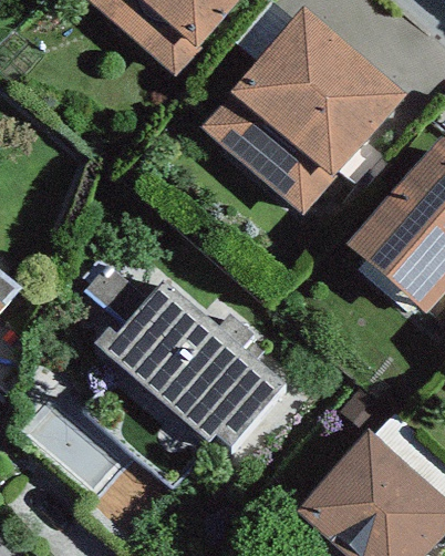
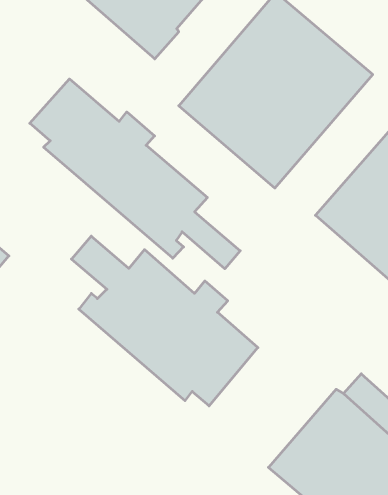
building: none -> [30,79,240,269]

